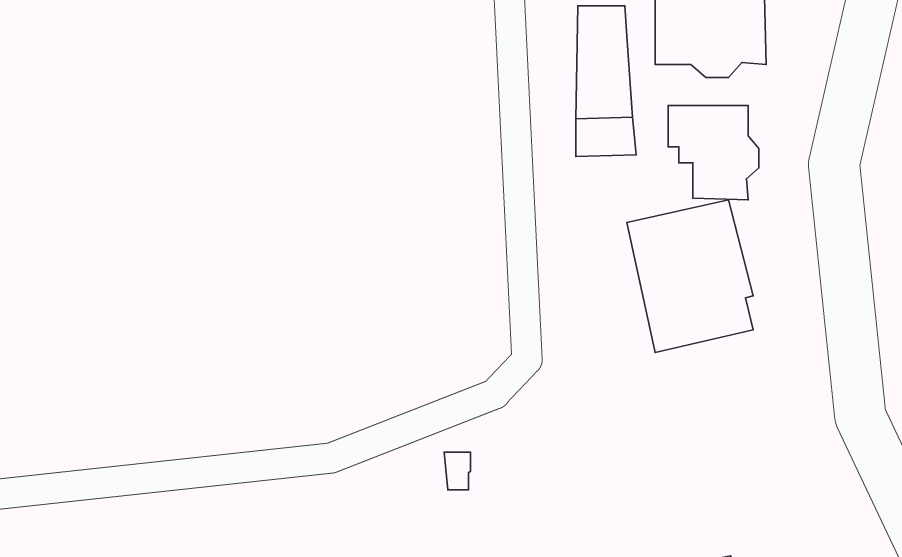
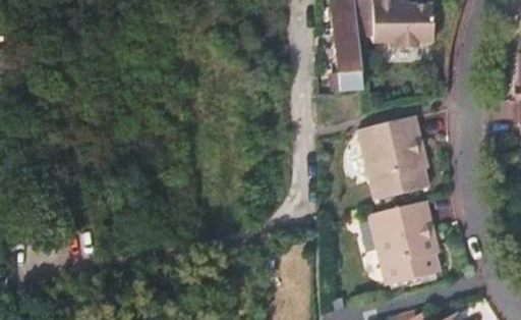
building: [668,105,759,200] -> none
building: none -> [367,200,437,282]

